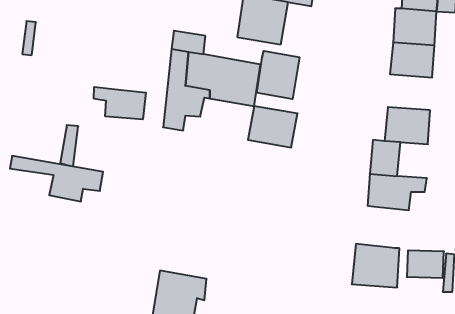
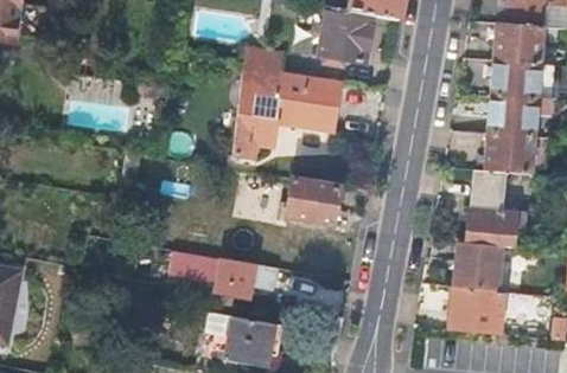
building: [257,51,299,99] -> none
building: none -> [488,96,537,136]
building: [94,87,146,119] -> none
building: [248,106,298,147] -> [287,179,343,225]
building: [10,156,103,201] -> [173,250,278,301]
building: none -> [452,243,535,290]

